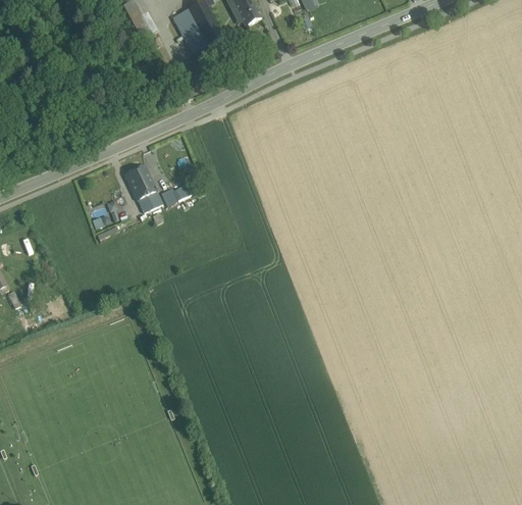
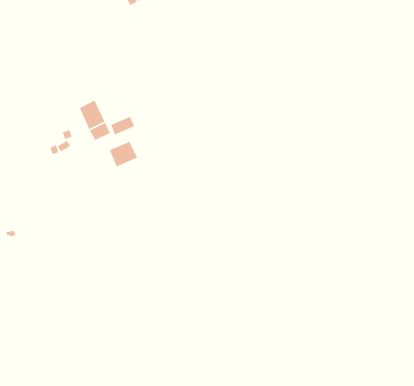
building: none -> [109,141,138,167]

